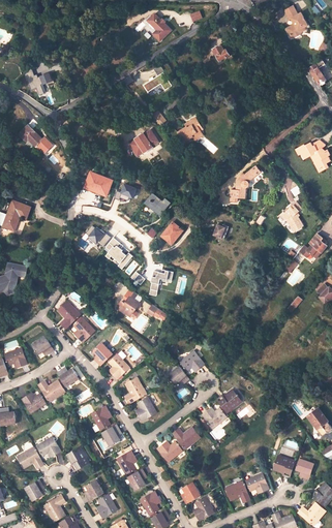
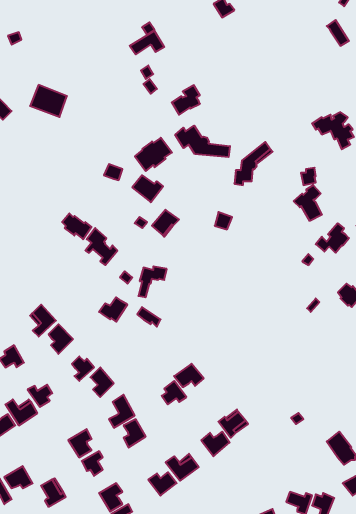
building: [126,129,157,157] -> [135,138,172,171]
building: none -> [175,126,230,157]
building: [82,170,113,197] -> [30,85,67,117]

